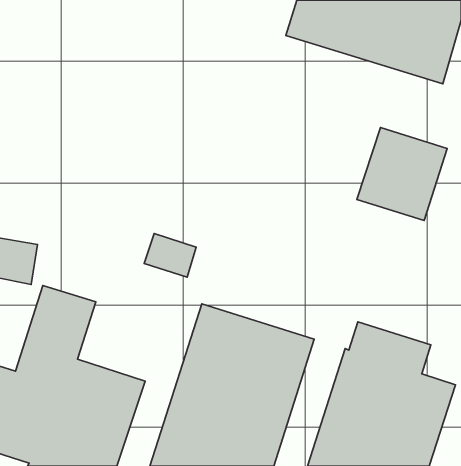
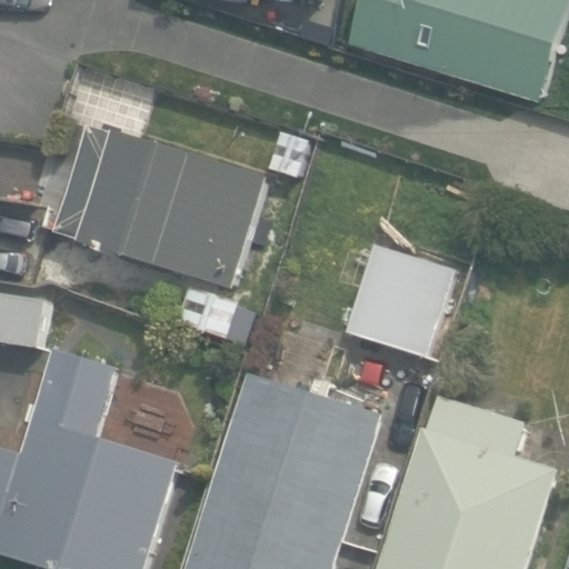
building: none -> [51,123,269,288]
building: [357,128,447,221] -> [345,242,455,356]

